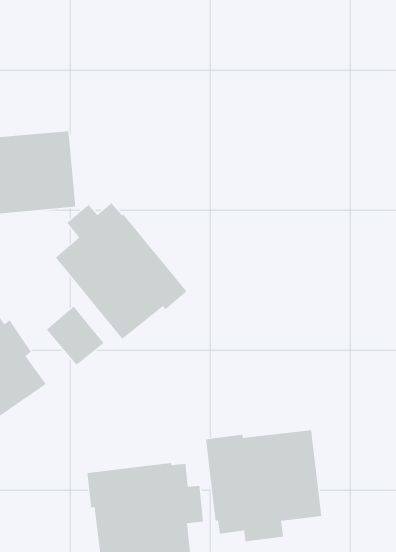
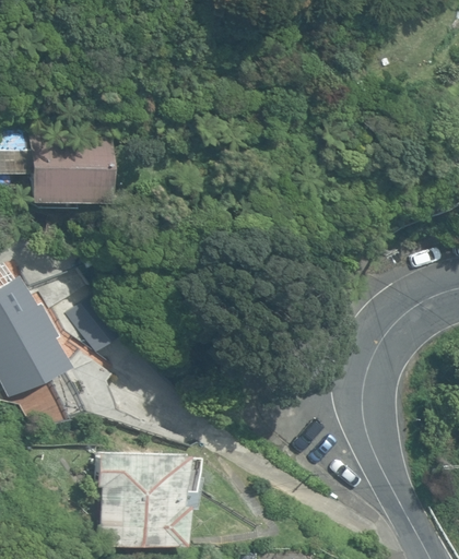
building: [55,202,187,340] -> none
building: [205,429,322,542] -> none

